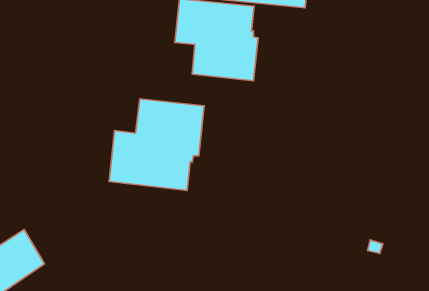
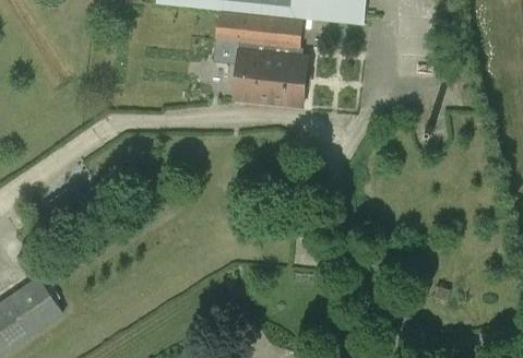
building: [109,99,204,191] -> none

